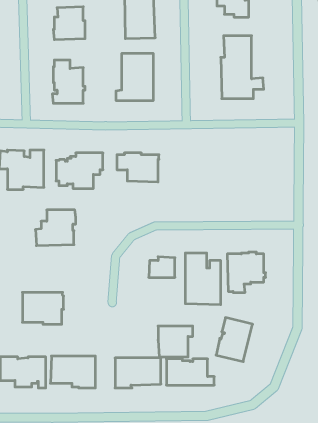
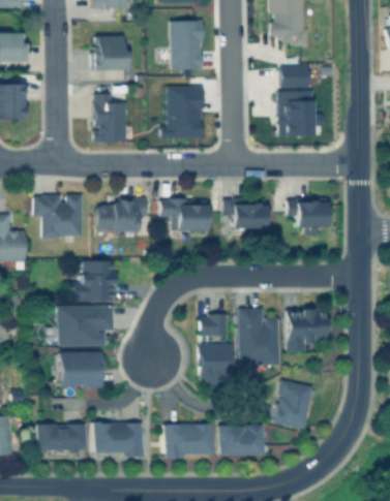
building: none -> [227,198,268,227]
building: none -> [289,198,330,236]
building: none -> [58,306,115,346]
building: [158,326,193,357] -> [197,344,235,378]

